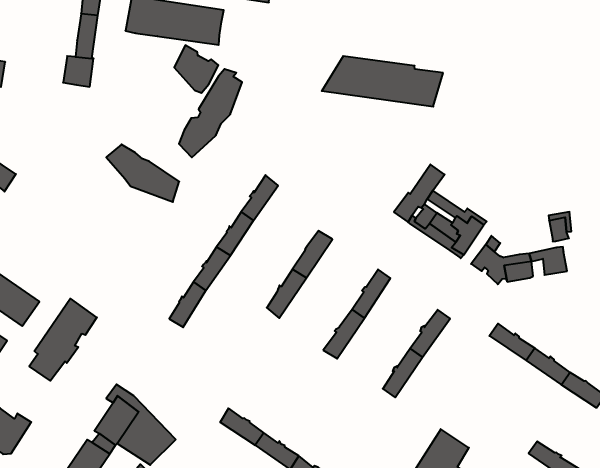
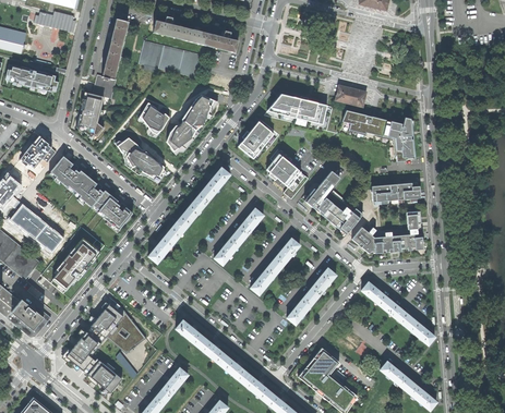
building: none -> [335,84,366,106]
building: [174,45,218,93] -> [140,101,169,134]
building: none -> [337,110,414,161]
building: none -> [76,92,104,136]
building: none -> [238,119,279,160]
building: none -> [266,154,308,197]
building: none -> [372,182,421,201]
building: none -> [50,155,132,230]

